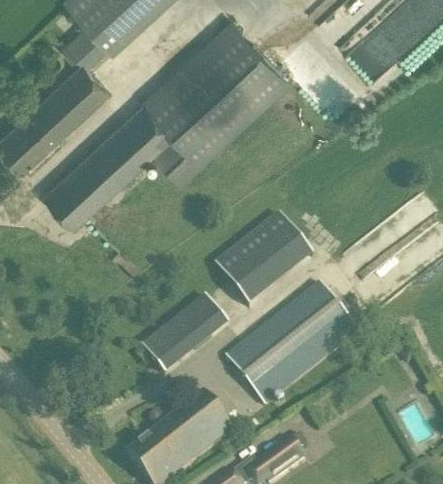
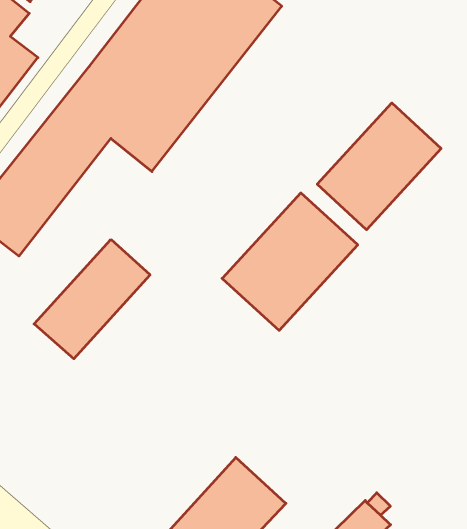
building: none -> [317,103,441,230]
building: [227,280,361,406] -> none
building: [144,295,231,374] -> [34,240,150,359]

